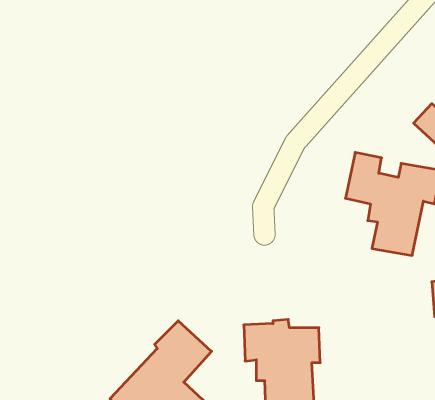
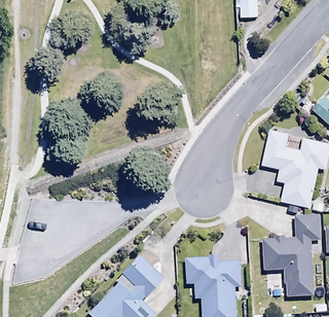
building: none -> [262,214,322,296]

